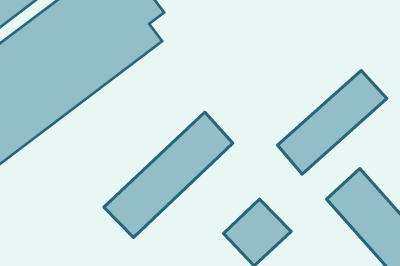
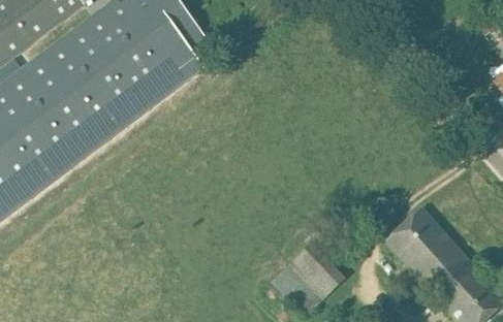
building: [277,70,387,174] -> none
building: [104,112,233,237] -> none

